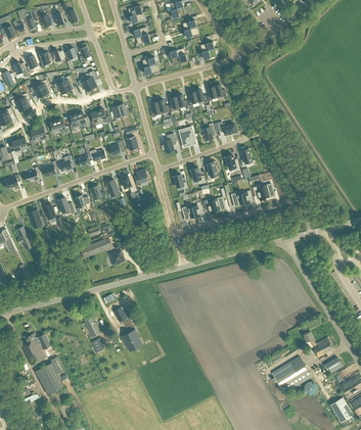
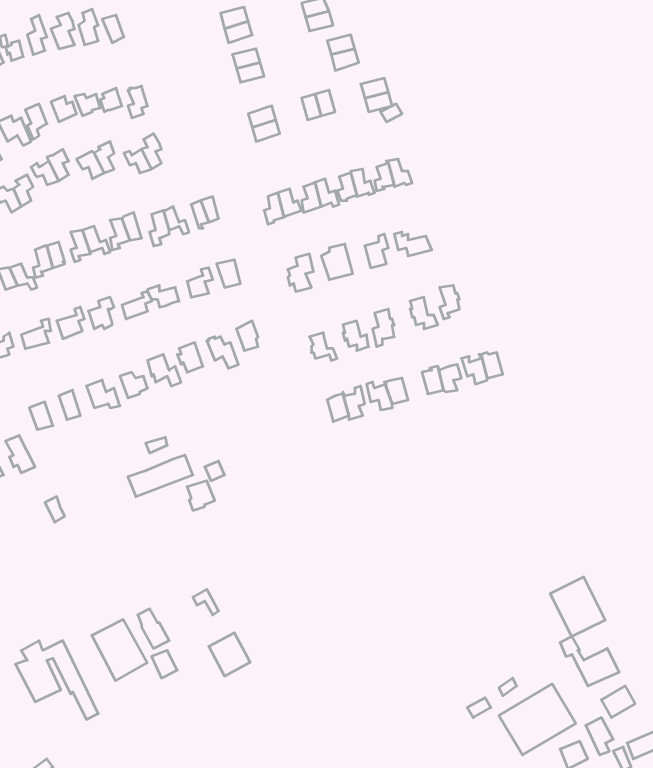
building: none -> [550,577,605,637]
building: [35,363,63,394] -> [92,620,147,681]

